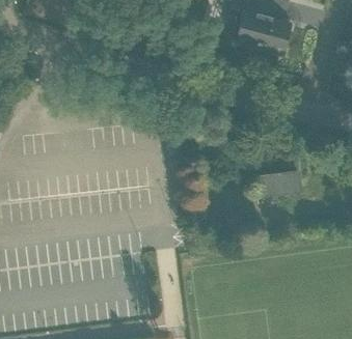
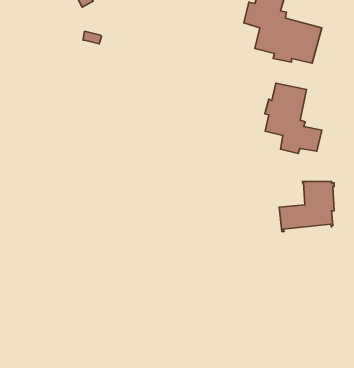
building: none -> [265,83,322,153]

